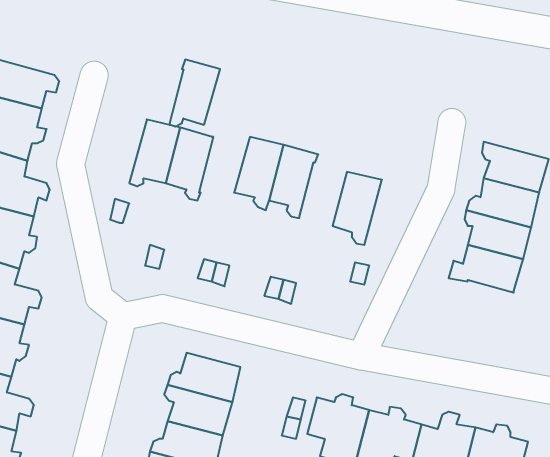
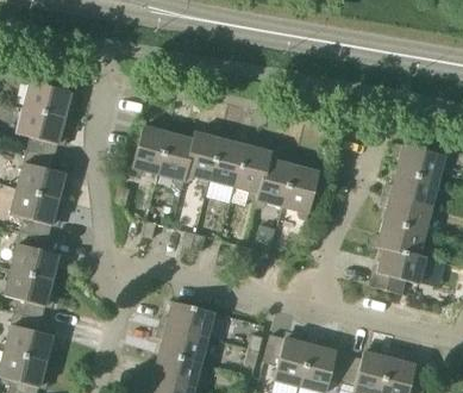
building: [169,60,220,126] -> [182,132,220,182]
building: none -> [254,158,293,208]
building: none -> [369,247,425,294]

